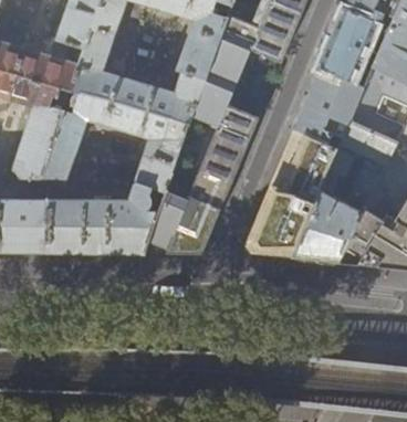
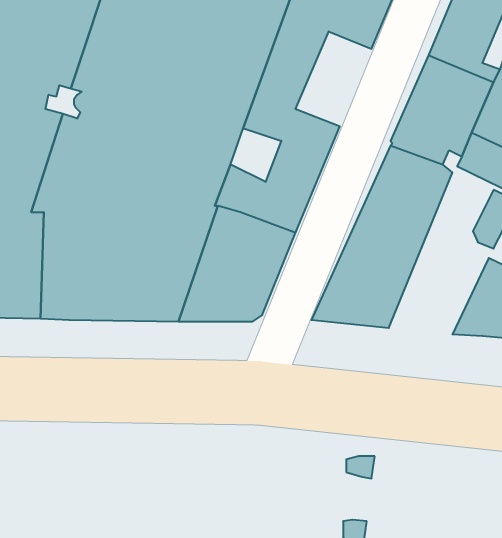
building: [293,147,362,260] -> none

